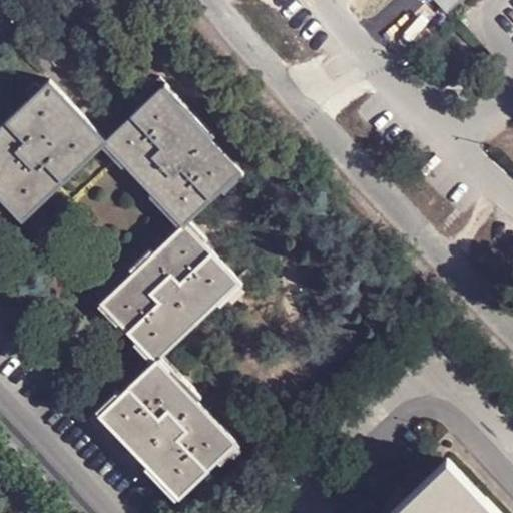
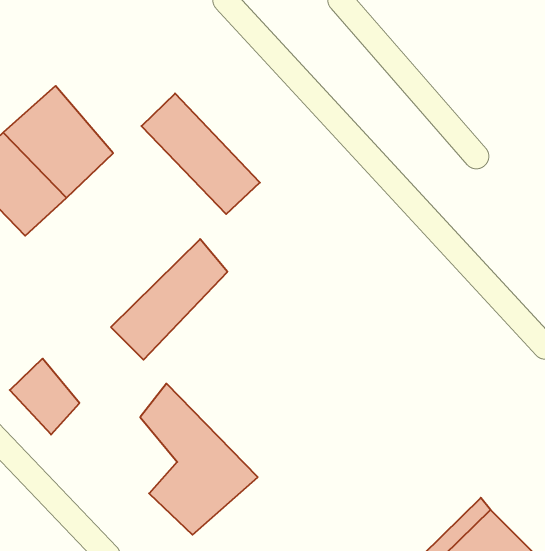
building: [104,120,208,224] -> none
building: [132,254,238,358] -> none
building: [99,389,163,459] -> [10,359,79,435]

